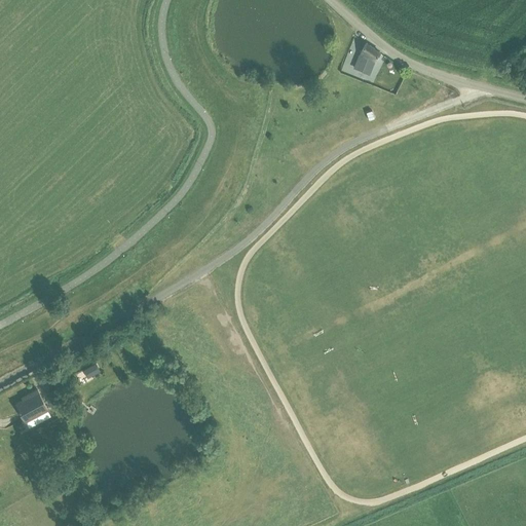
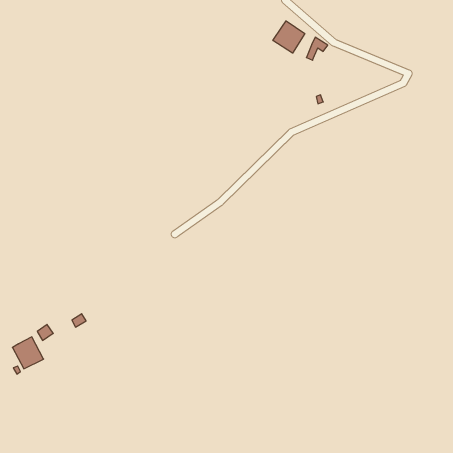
building: none -> [273,21,305,53]

